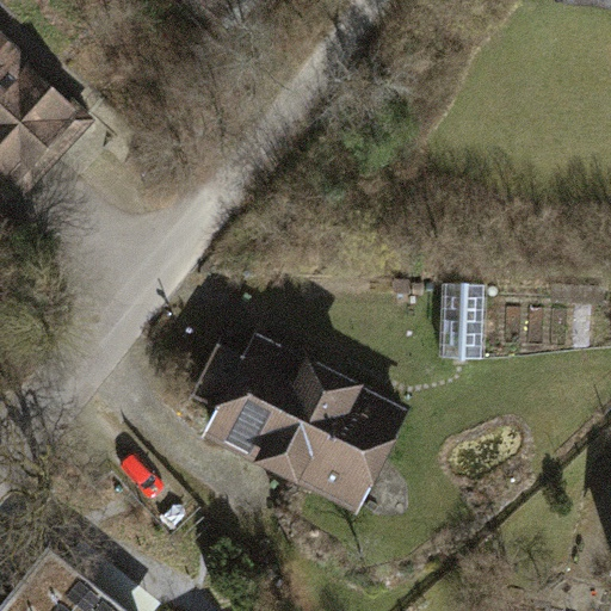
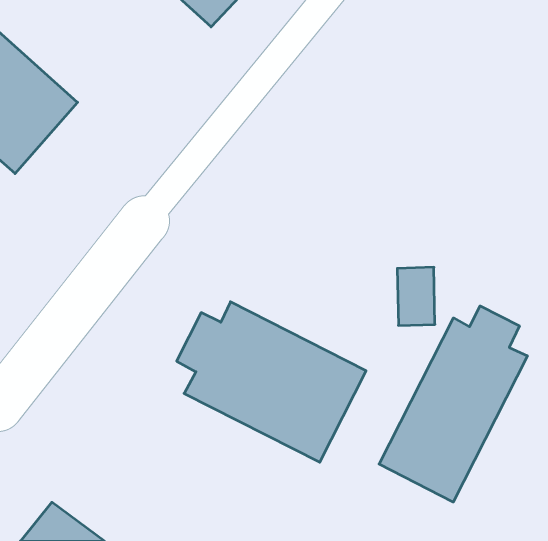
building: none -> [379,306,527,502]

